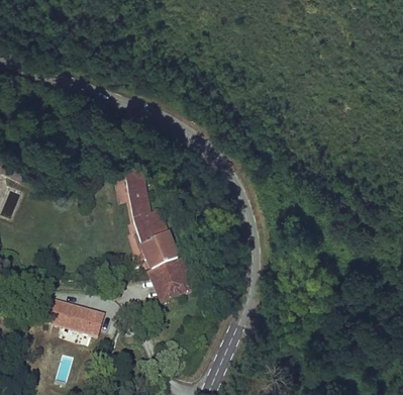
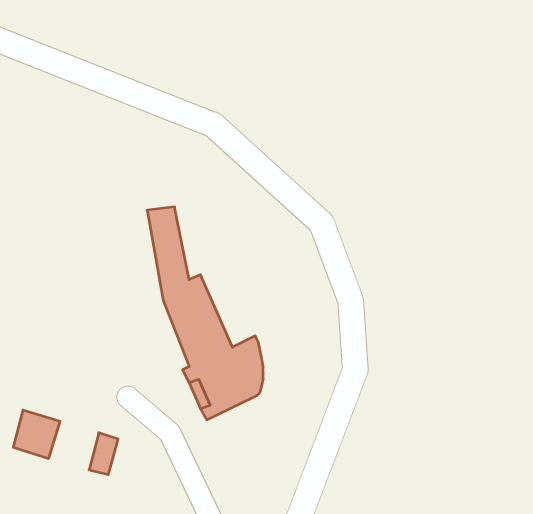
building: [63,303,94,333] -> none

